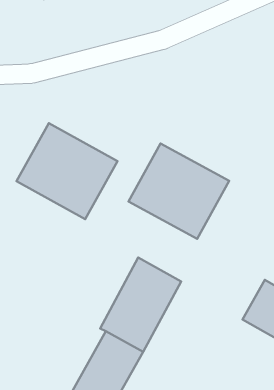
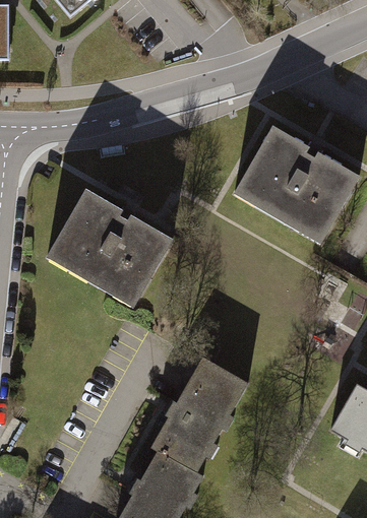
building: [128,143,229,239] -> [233,125,357,242]

